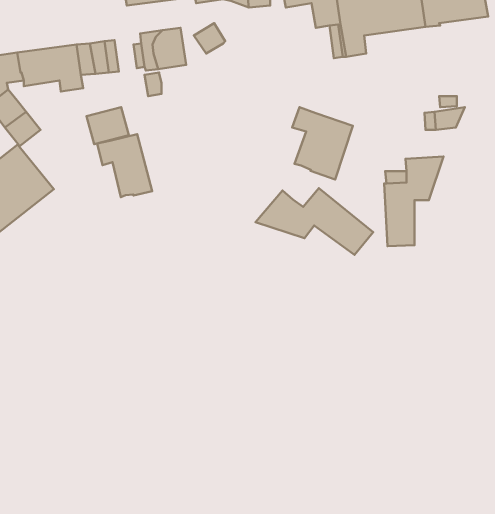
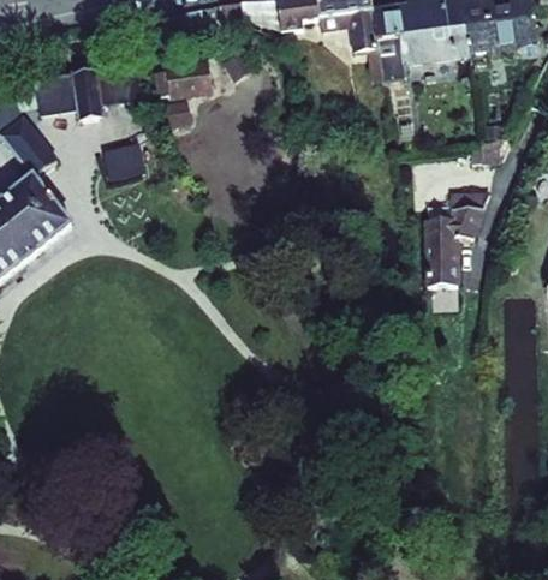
building: [292,107,353,180] -> none
building: [97,134,152,197] -> none
building: [256,188,373,255] -> none

